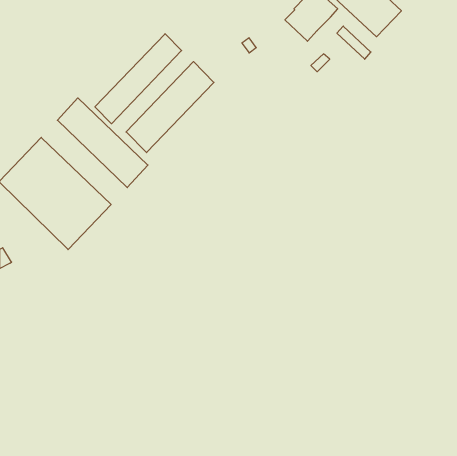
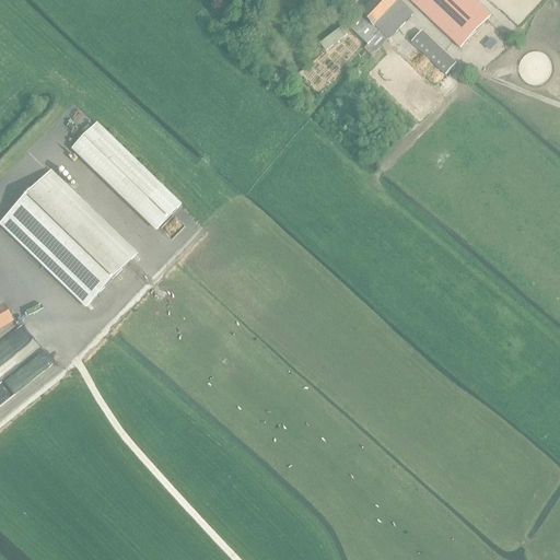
building: [95,34,182,124] -> none
building: [126,62,214,153] -> none

